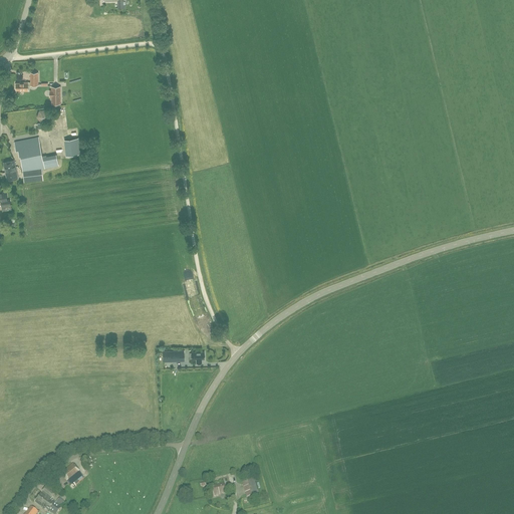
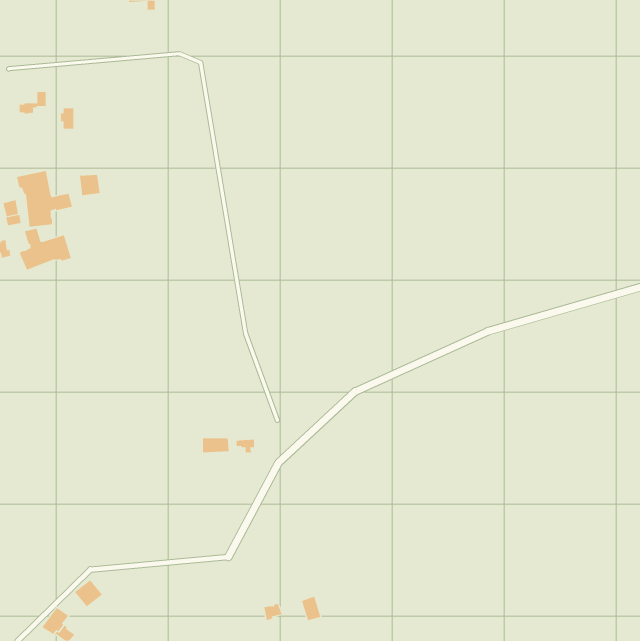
building: none -> [19,228,72,271]

